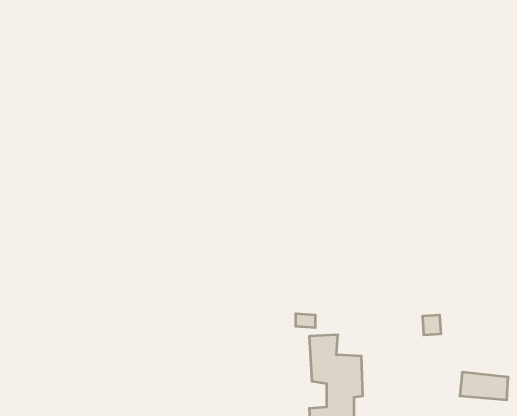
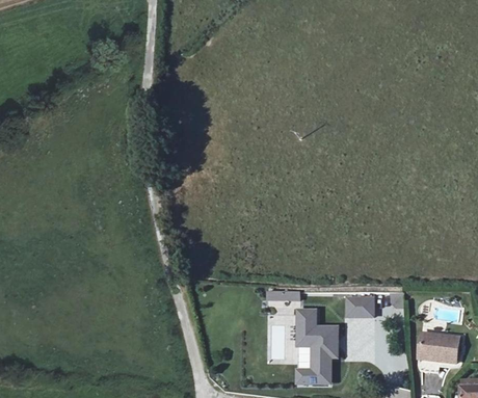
building: none -> [343,295,375,317]

